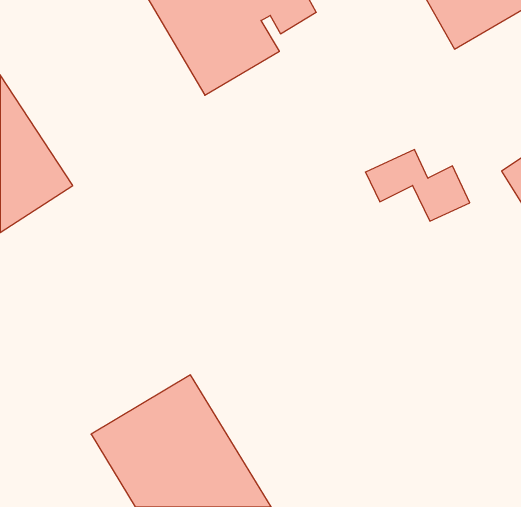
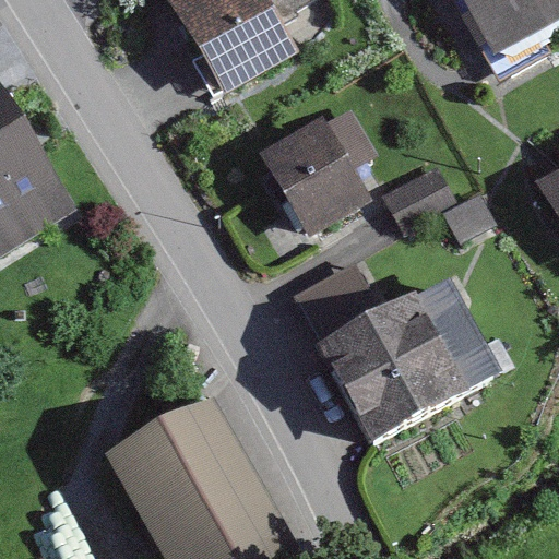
building: none -> [260,127,366,236]
building: none -> [317,278,497,440]

